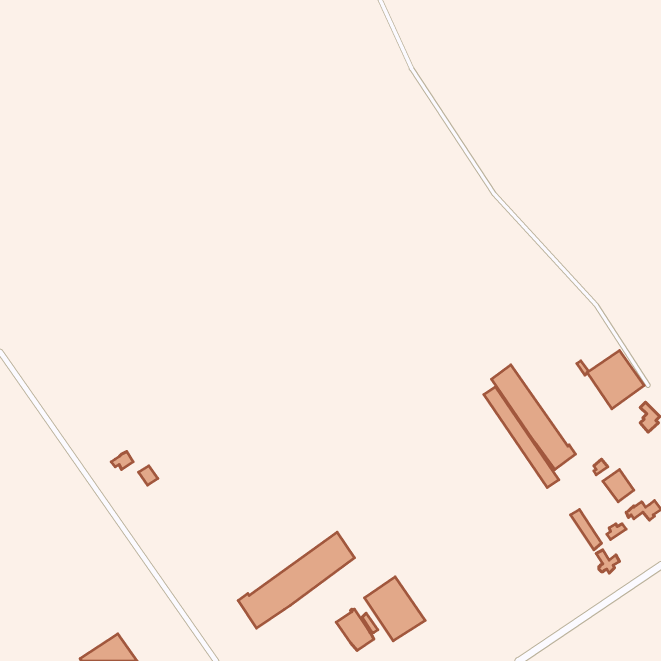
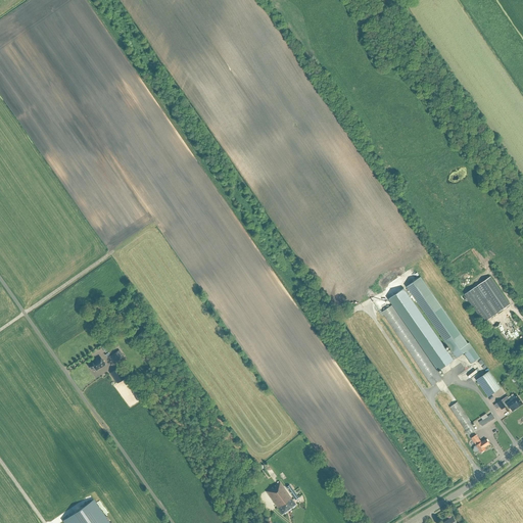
building: none -> [406,277,479,364]
building: [238,532,355,628] -> none
building: [365,577,425,641] -> none

